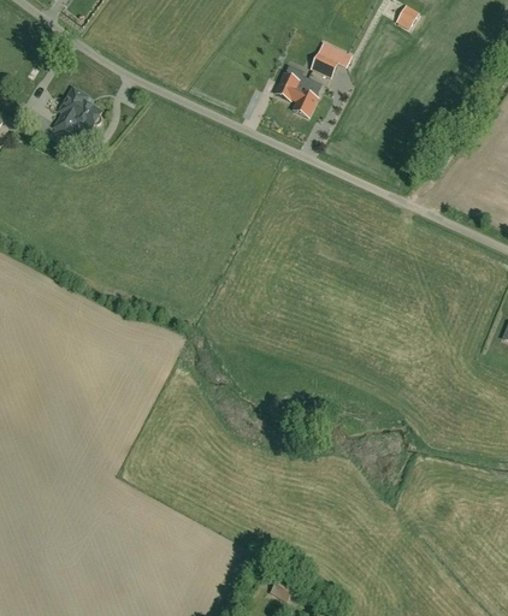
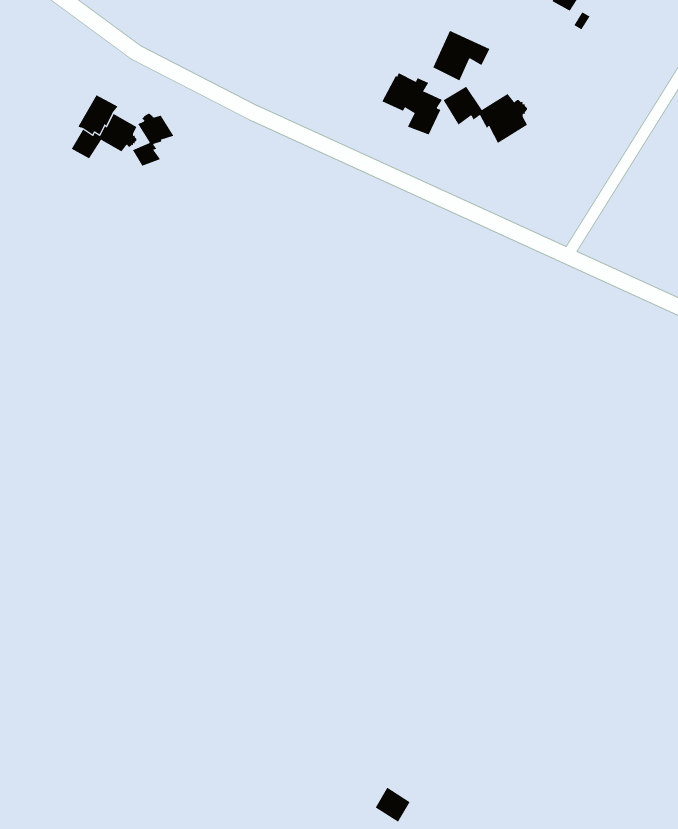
building: none -> [443,86,528,144]
building: none -> [132,113,174,166]

